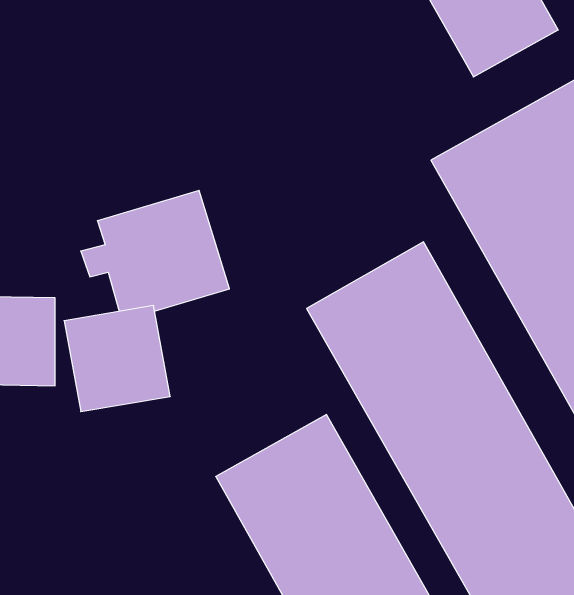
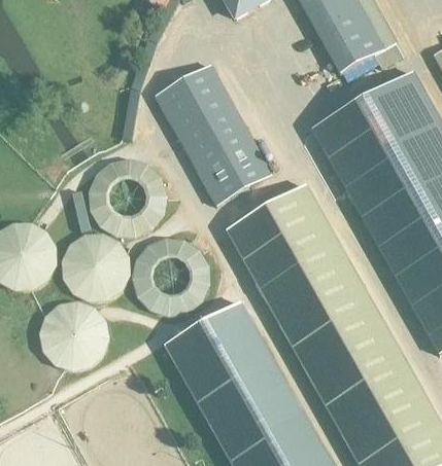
building: none -> [154,64,272,205]
building: none -> [126,225,218,318]
building: none -> [39,294,112,368]

